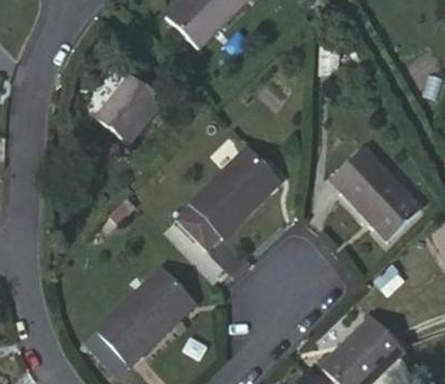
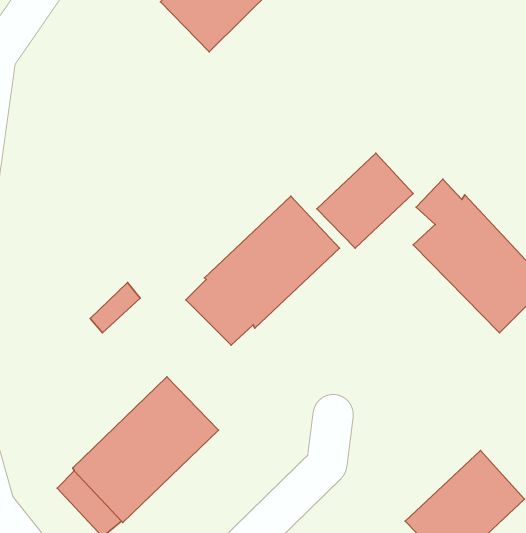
building: [93,76,159,142] -> none
building: none -> [317,153,413,248]

